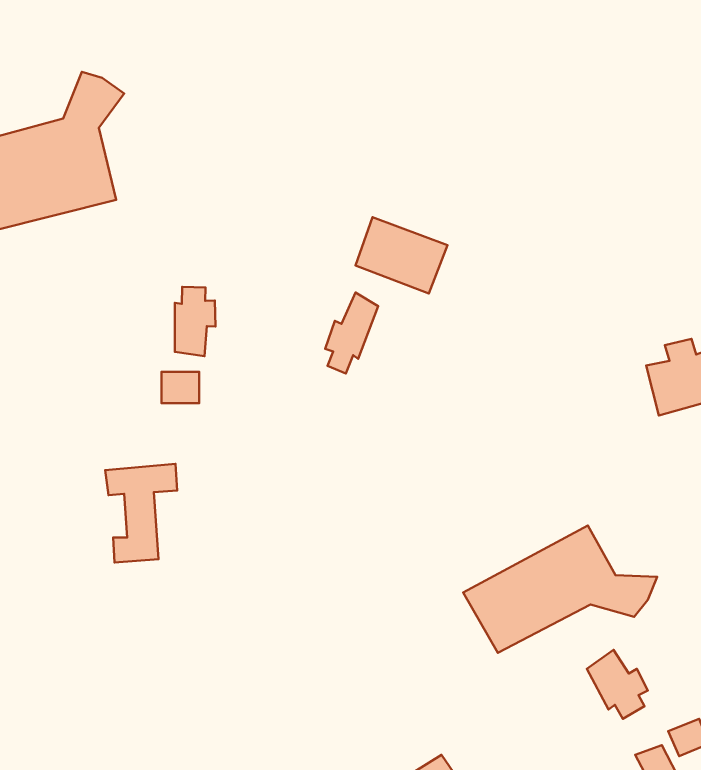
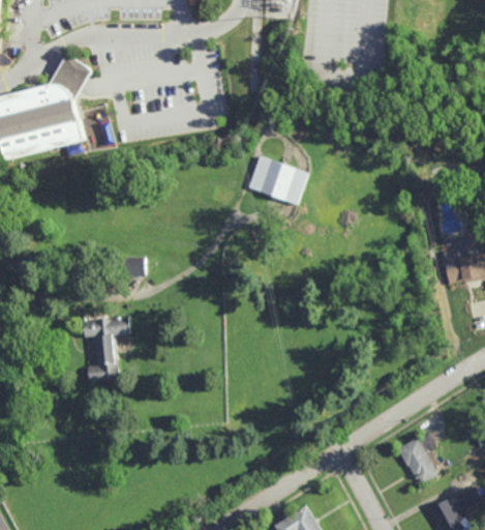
building: [175,287,215,356] -> none
building: [325,293,378,374] -> none
building: [463,525,657,653] -> none

